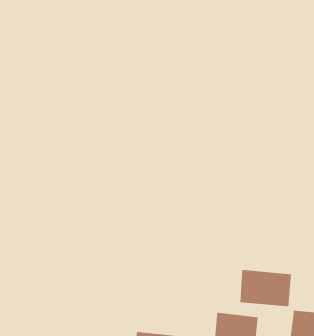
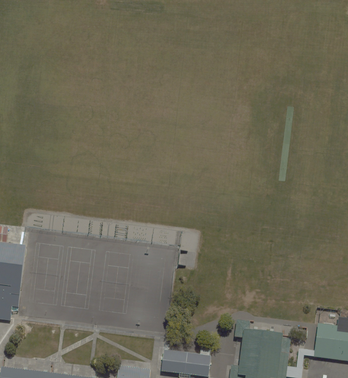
building: [240,269,292,307] -> none

